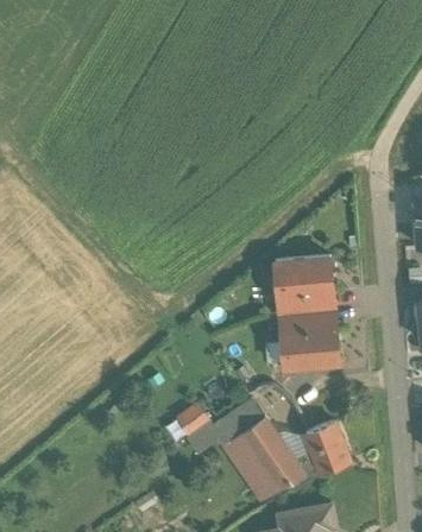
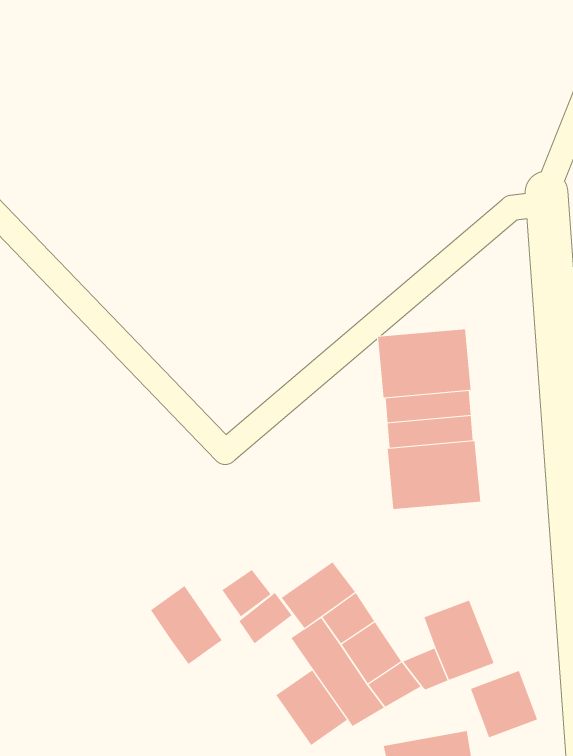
building: none -> [150,585,223,665]
building: none -> [276,669,348,746]
building: none -> [470,670,538,738]

